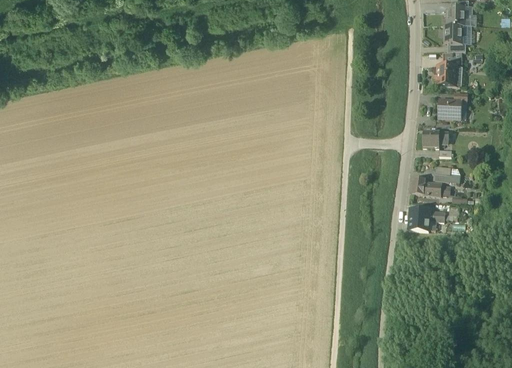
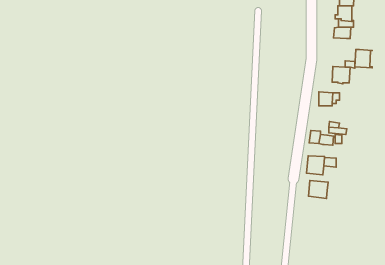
building: [438,64,459,86] -> [355,50,372,68]
building: none -> [309,181,328,199]

